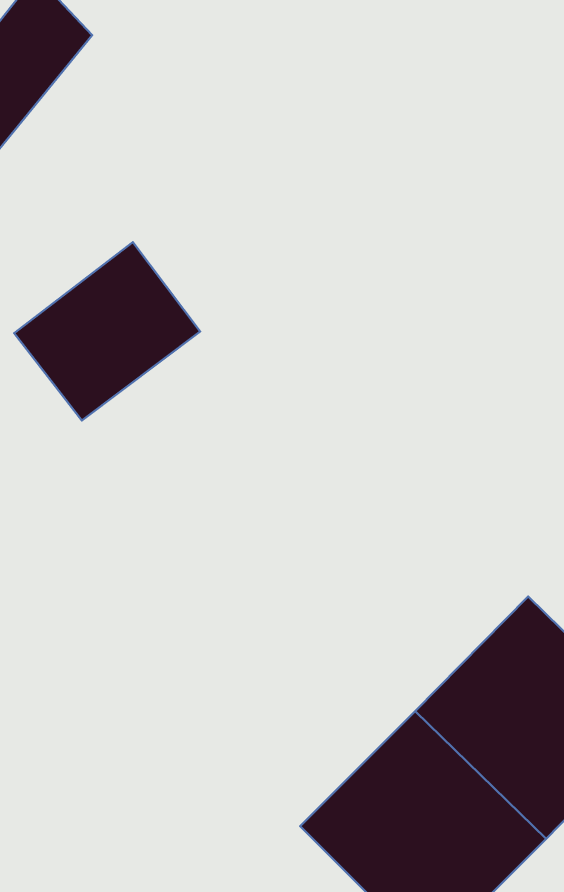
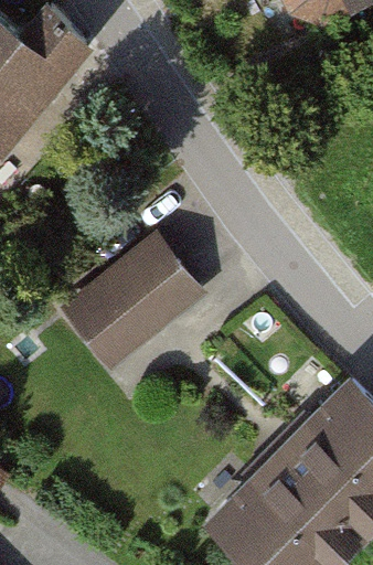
building: [14,242,200,421] -> [87,236,200,344]

